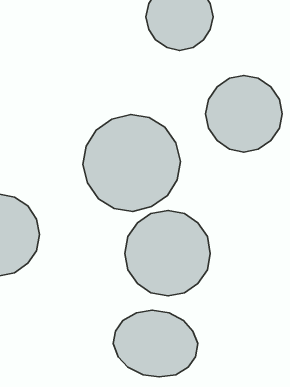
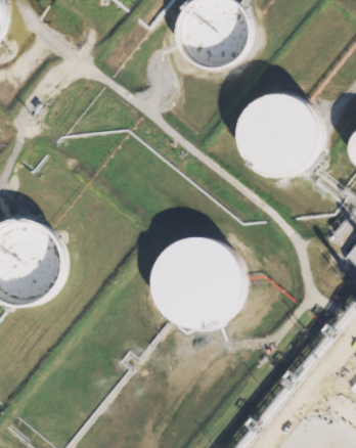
building: [83,114,180,211] -> none
building: [113,310,198,377] -> none

